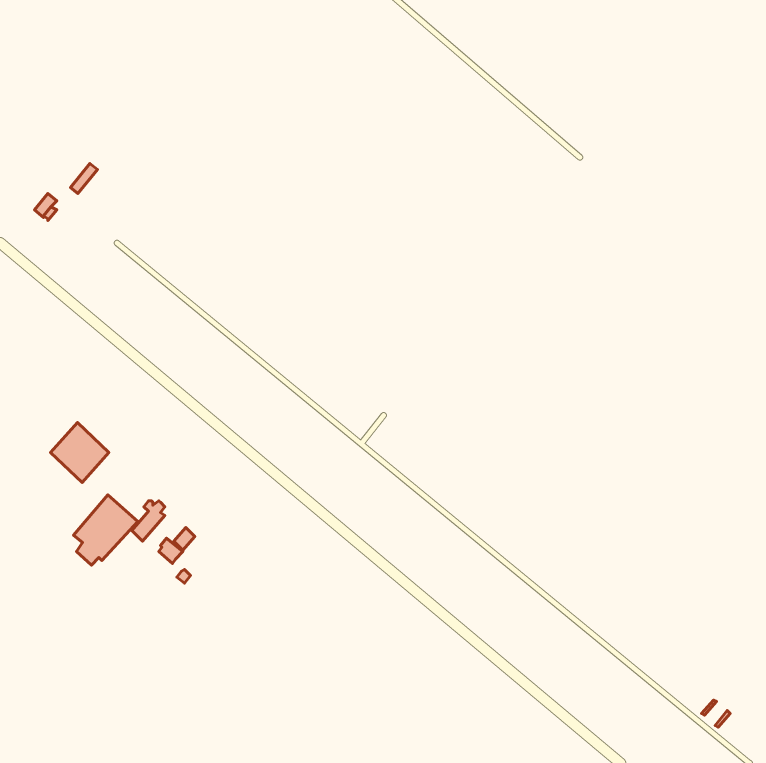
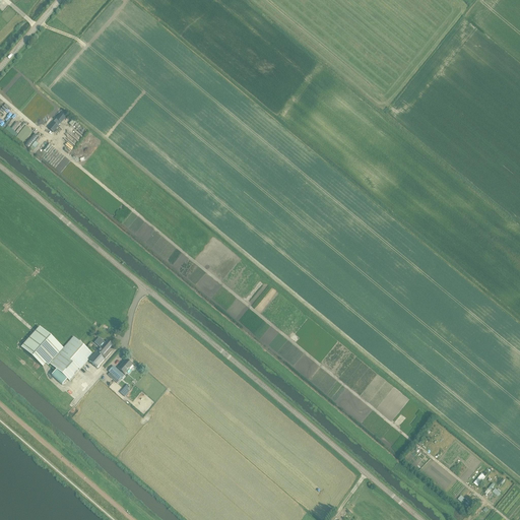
building: [51,422,109,482] -> [21,325,61,366]

